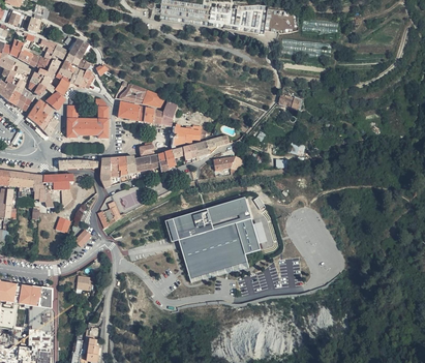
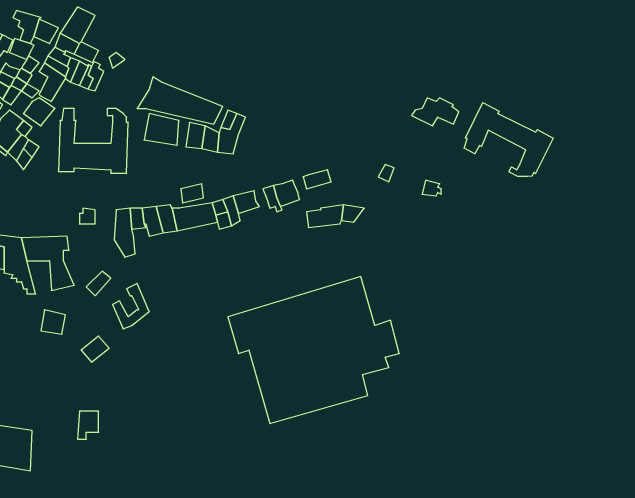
building: none -> [464,103,553,177]
building: [173,120,205,143] -> none

